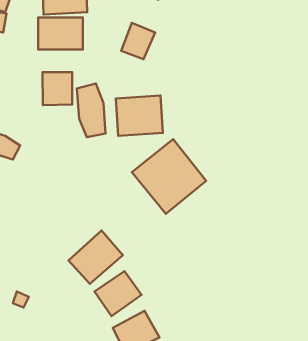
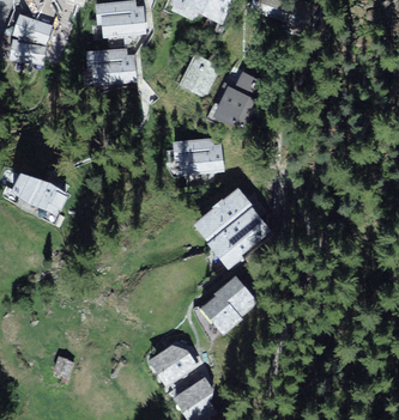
building: none -> [208,81,246,124]
building: [43,72,72,105] -> none
building: [77,83,106,137] -> none
building: [69,231,123,284] -> [198,280,259,340]

